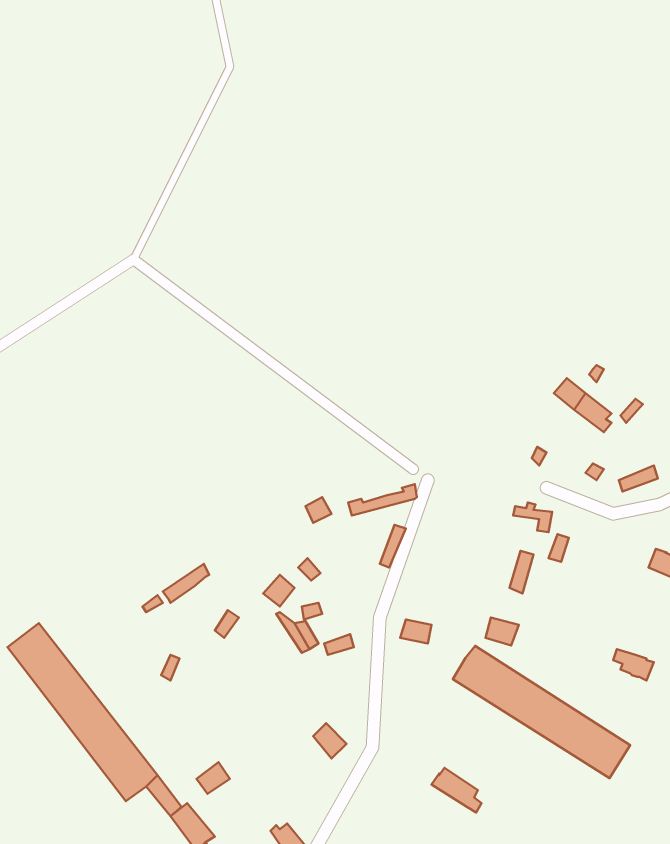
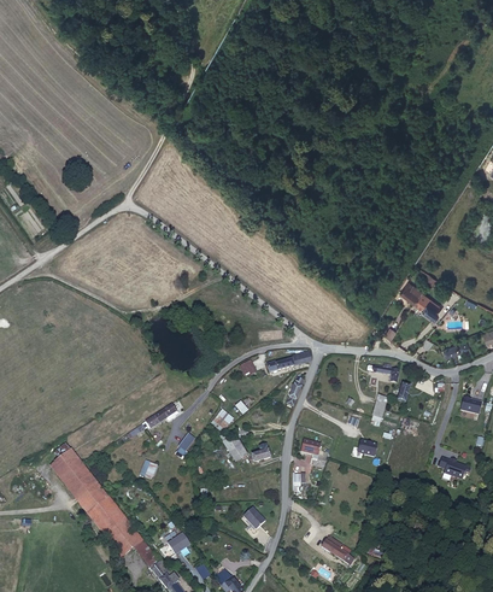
building: [453,646,630,778] -> none

